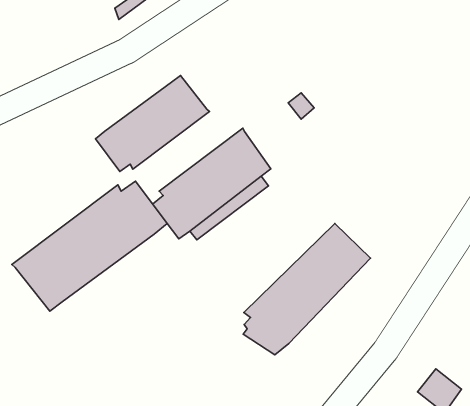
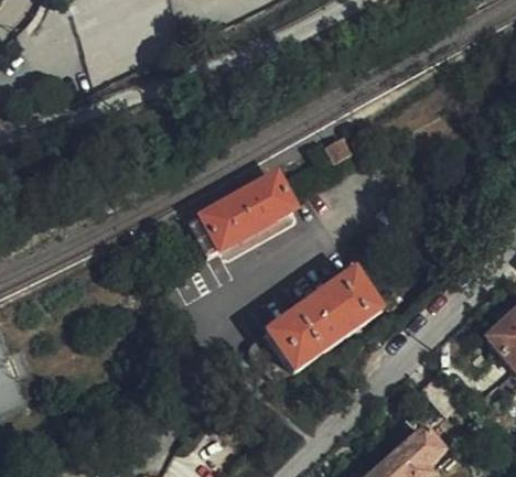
building: [95,75,210,172] -> none
building: [12,181,167,311] -> none

